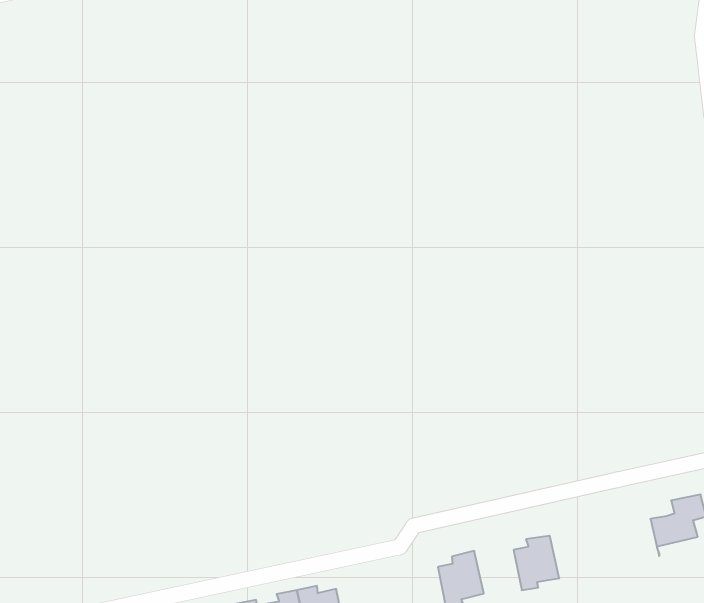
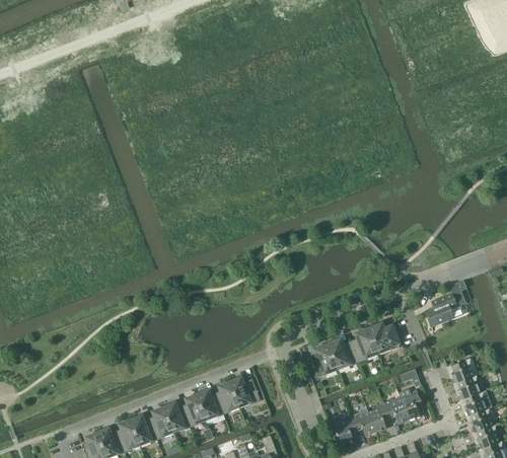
building: none -> [369,323,400,352]
building: none -> [328,338,358,367]

